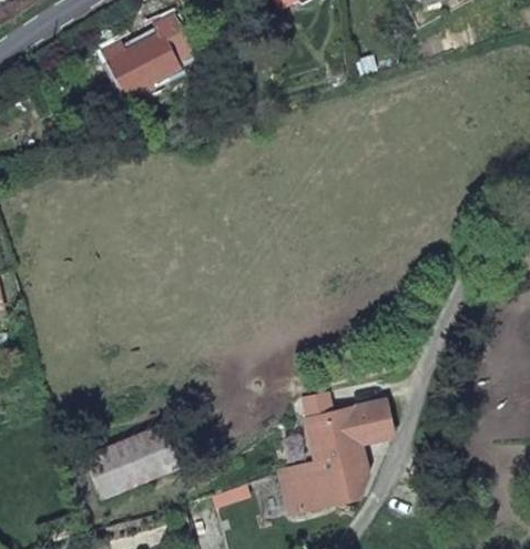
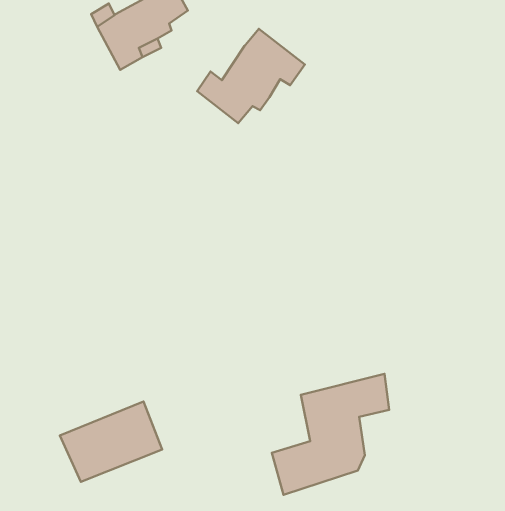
building: none -> [197,29,305,123]

